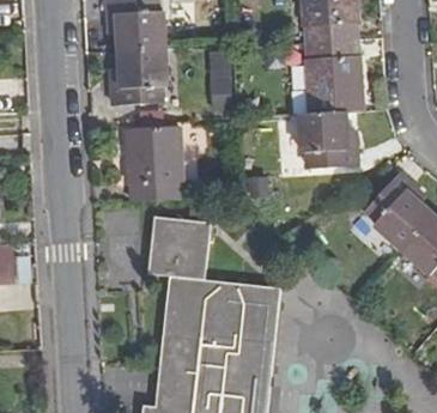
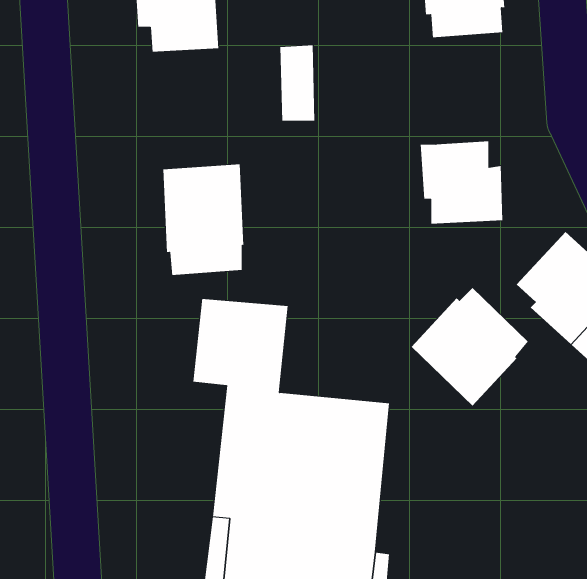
building: [306,40,363,115] -> none
building: [111,50,165,108] -> none
building: none -> [411,287,529,406]

